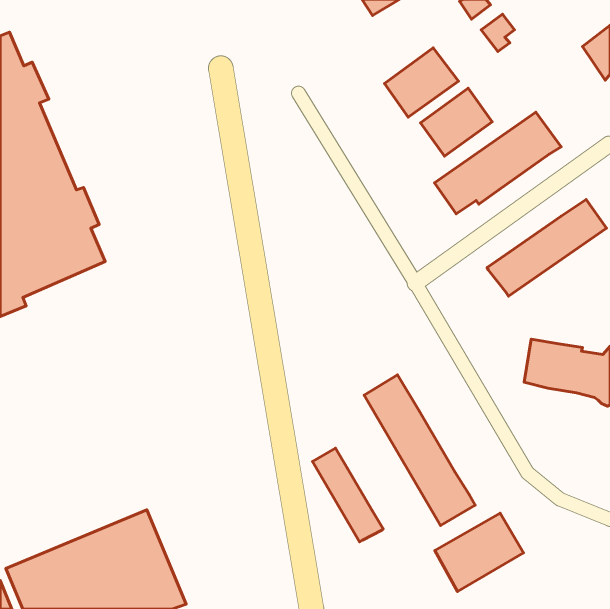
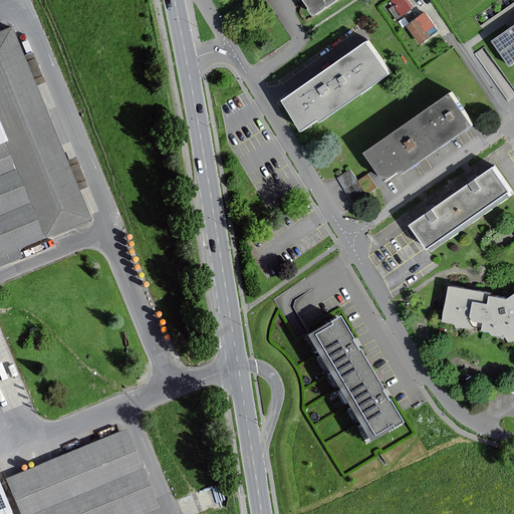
building: [421,88,492,156] -> [283,70,343,127]
building: [312,448,383,542] -> none
building: [435,513,524,592] -> none

